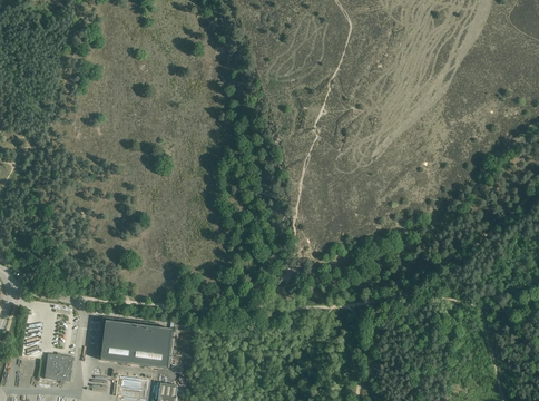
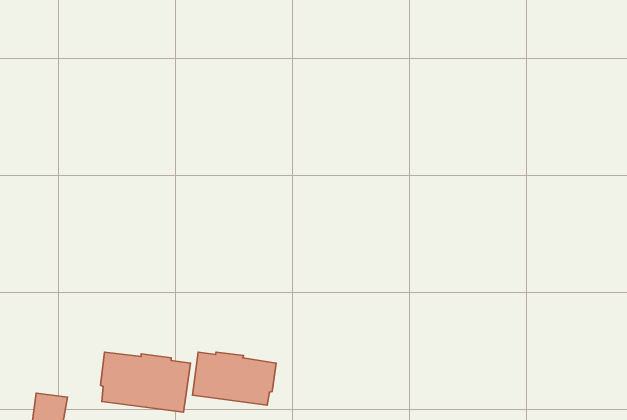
building: none -> [193,352,276,405]

